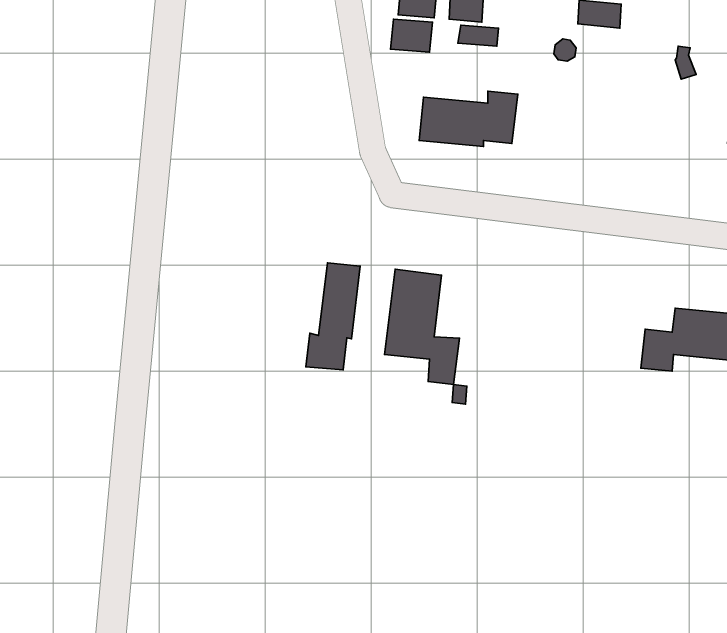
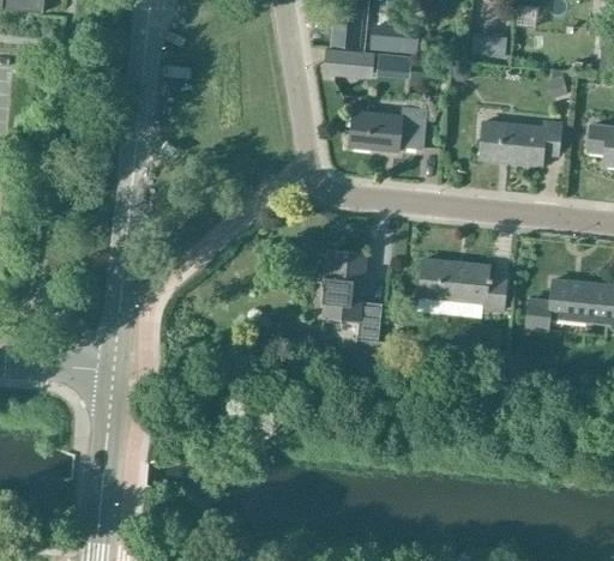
building: none -> [481,123,561,167]
building: [306,263,360,370] -> none
building: none -> [420,261,505,312]

